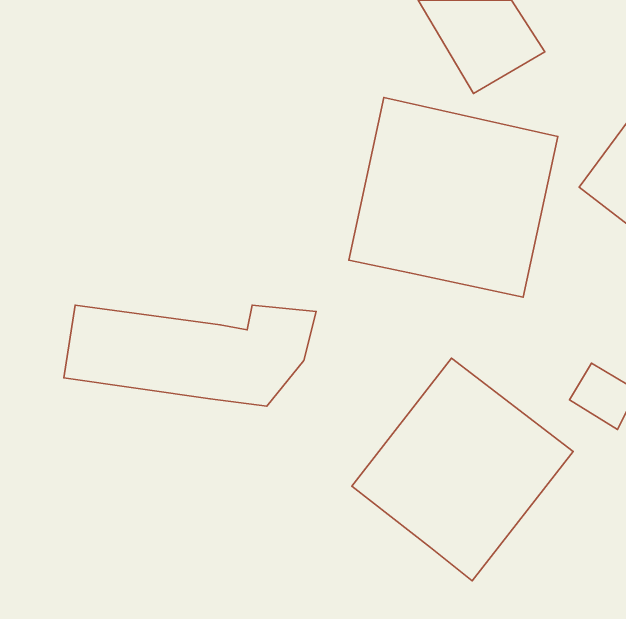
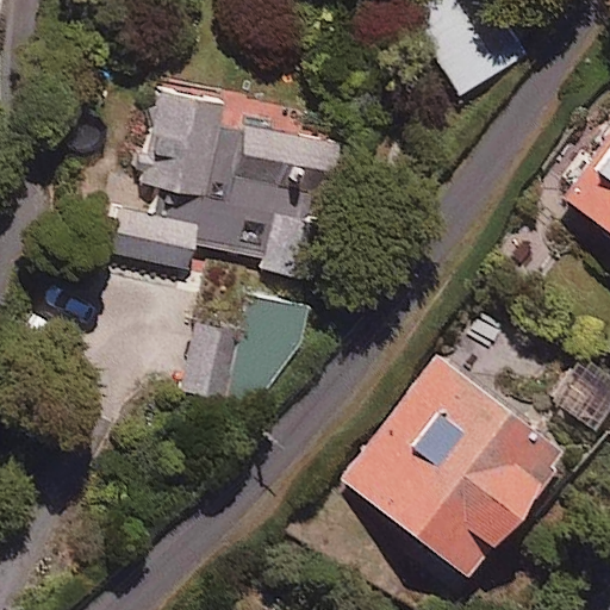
building: none -> [102,91,337,273]
building: [349,98,558,297] -> none

